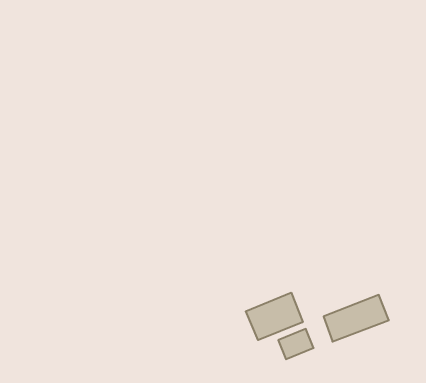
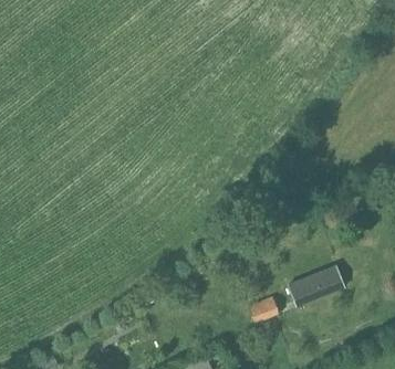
building: [246,293,303,340] -> none

